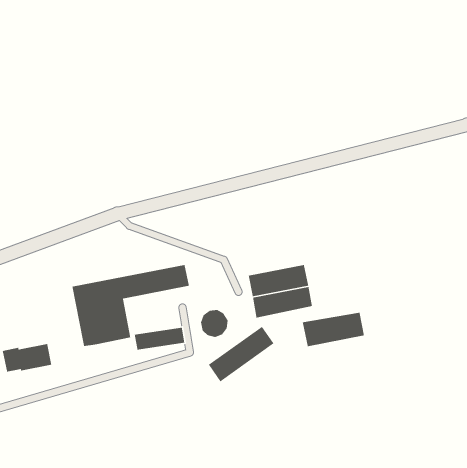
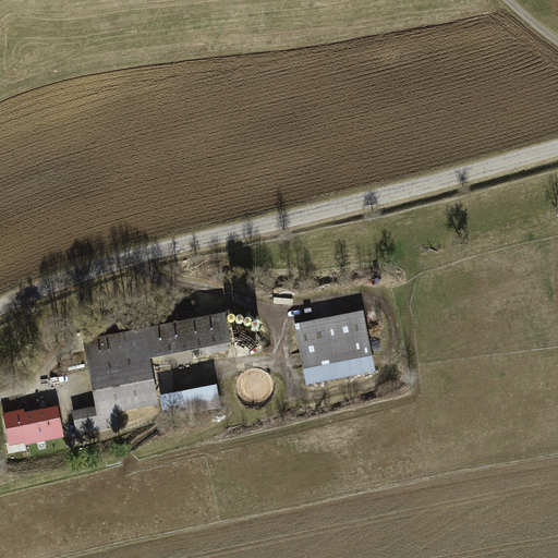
building: [302,312,365,347] -> none
building: [208,326,274,382] -> none
building: none -> [73,407,117,430]

